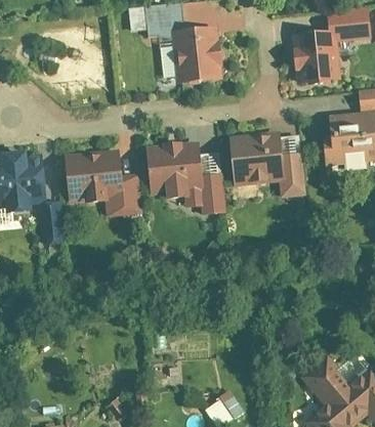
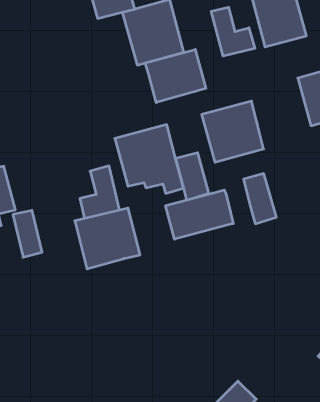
building: none -> [211,7,255,56]
building: none -> [145,49,206,103]
building: [66,152,121,202] -> [75,208,140,269]
building: [281,153,305,198] -> [244,174,276,224]
building: none -> [166,190,233,239]

